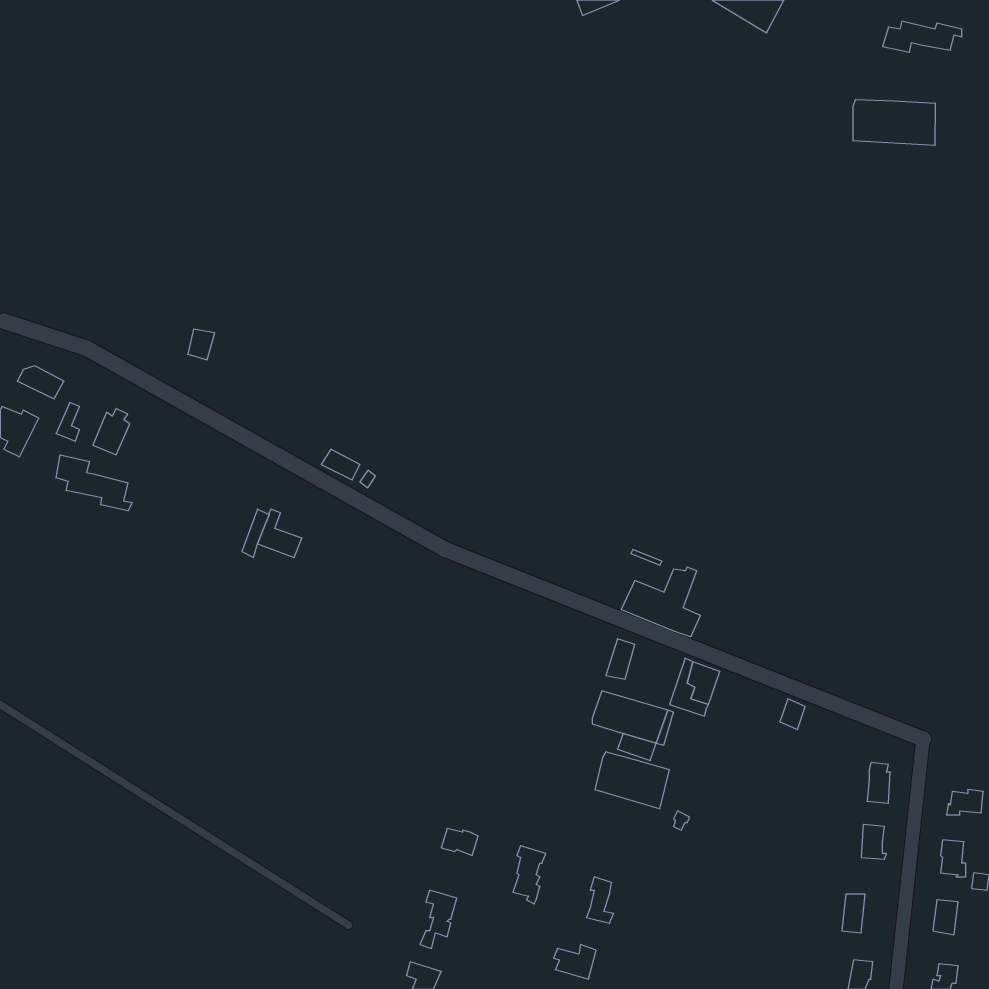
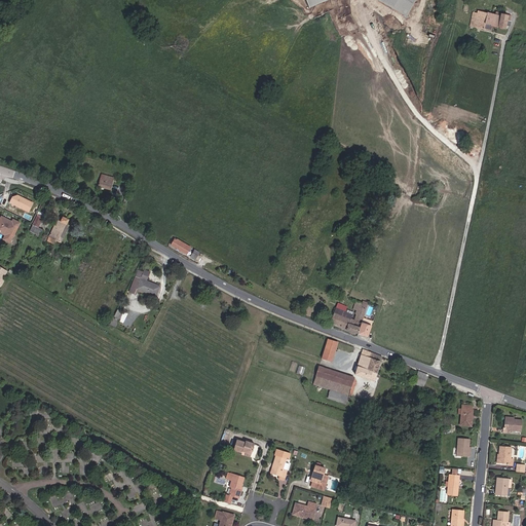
building: [853,99,935,146] -> none
building: [56,455,132,511] -> none
building: [595,752,669,809] -> none

